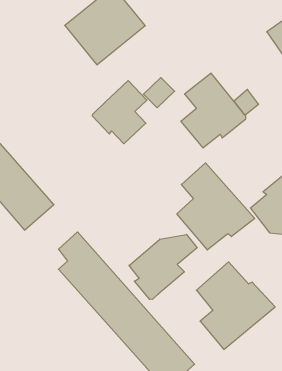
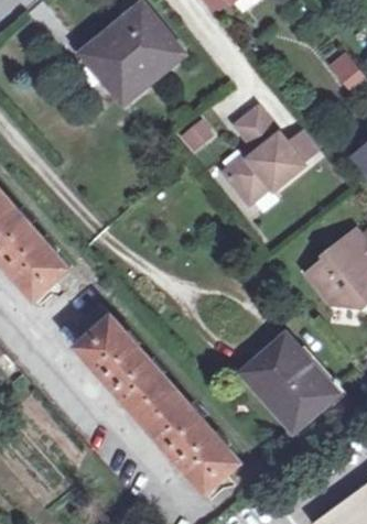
building: [92,81,147,144] -> none
building: [177,163,255,250] -> none
building: [129,234,197,299] -> none

